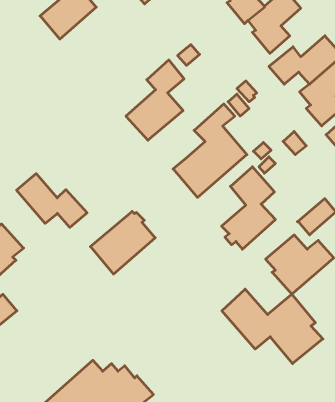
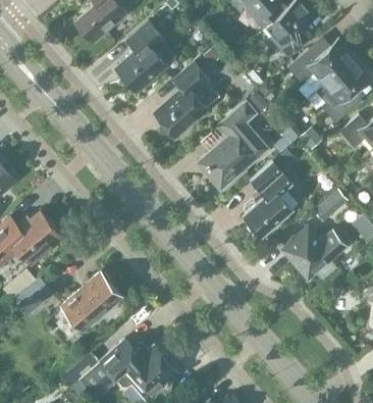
building: none -> [115,21,167,92]
building: [17,174,87,227] -> none
building: [90,211,155,274] -> [61,273,121,332]
building: [222,289,323,364] -> none

